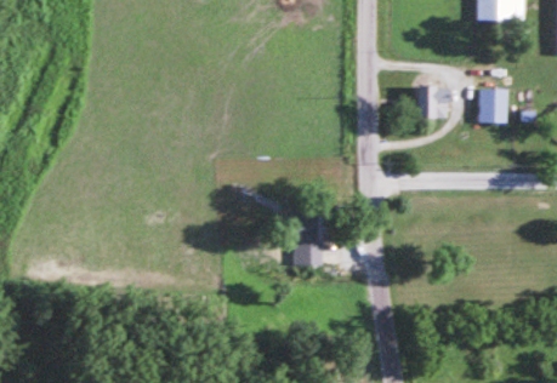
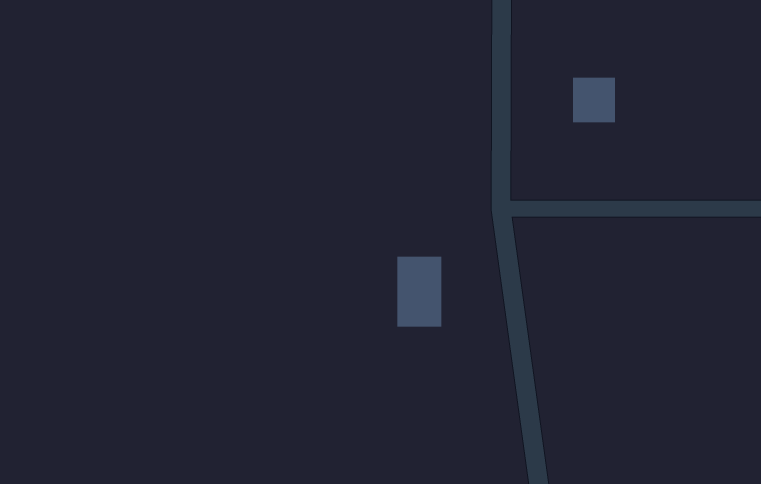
building: [479,88,507,122] -> none

